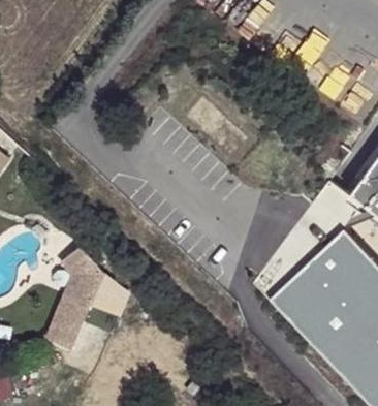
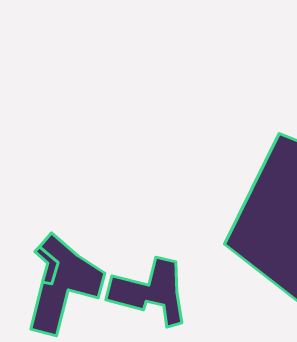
building: none -> [106,257,182,327]

